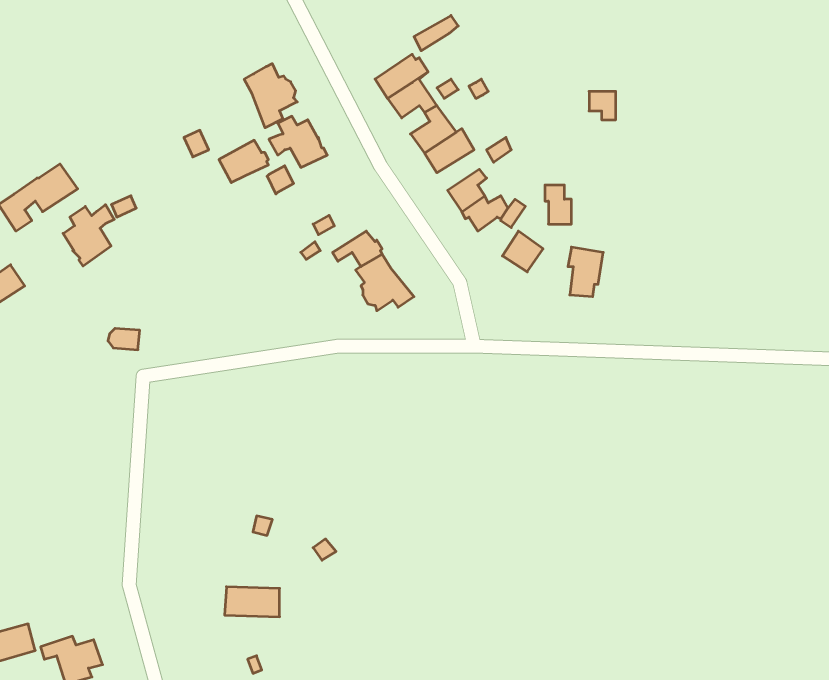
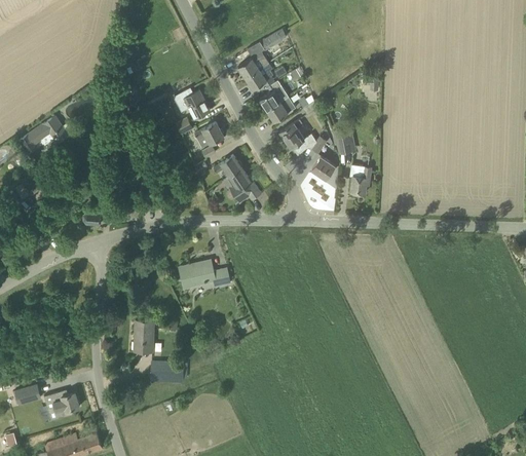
building: [244,64,297,128] -> none
building: [219,140,268,183] -> [195,122,224,147]
building: [63,205,114,266] -> none
building: none -> [179,261,230,287]
building: none -> [135,319,154,351]

